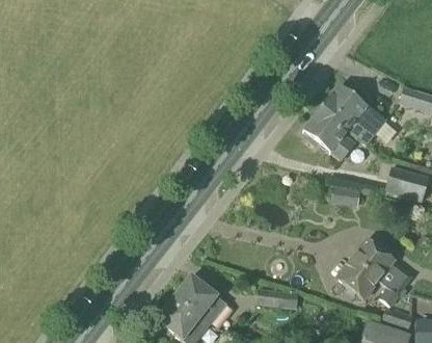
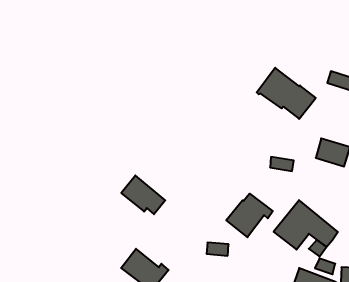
building: [303,113,352,158] -> none
building: none -> [226,194,273,237]
building: [176,276,227,322] -> [121,175,165,214]

